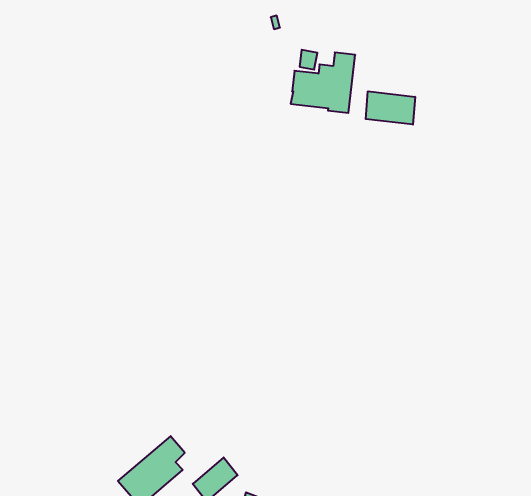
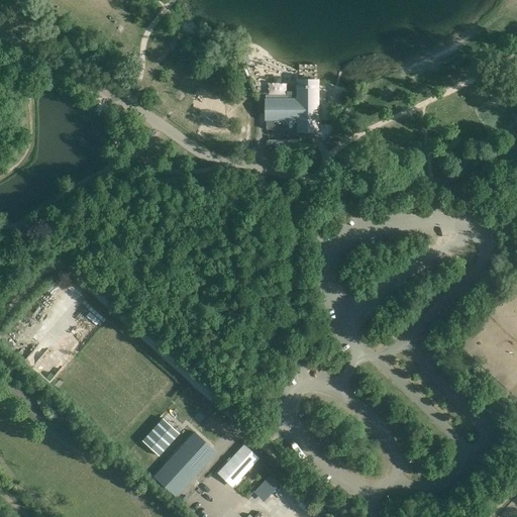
building: [366,91,415,125] -> none
building: none -> [141,419,179,456]

